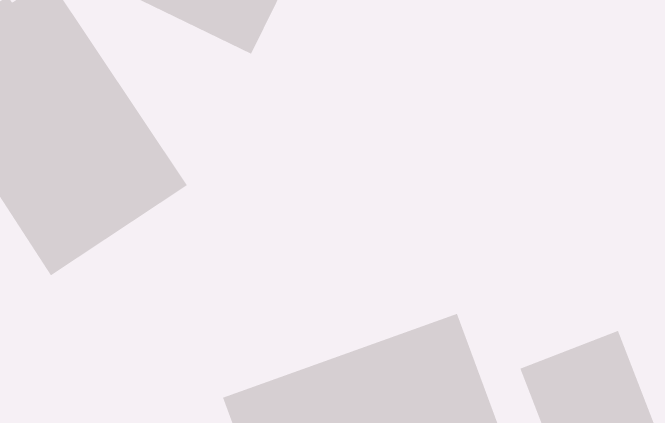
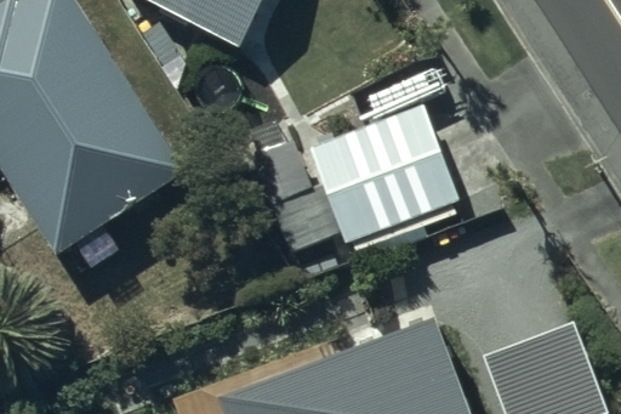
building: none -> [306,92,457,239]

